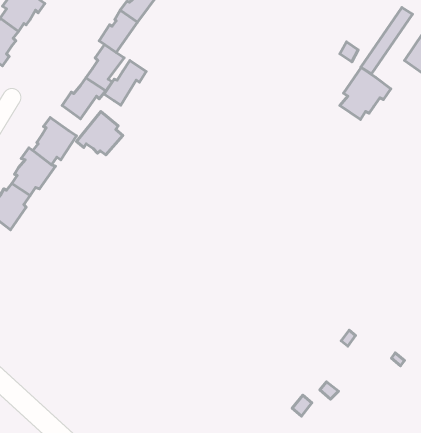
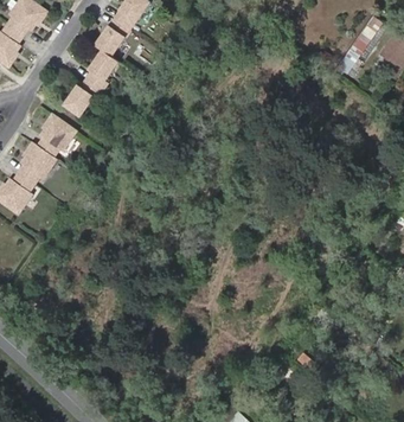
building: [104,60,146,105] -> none
building: [340,67,391,120] -> none
building: [77,111,123,155] -> none

